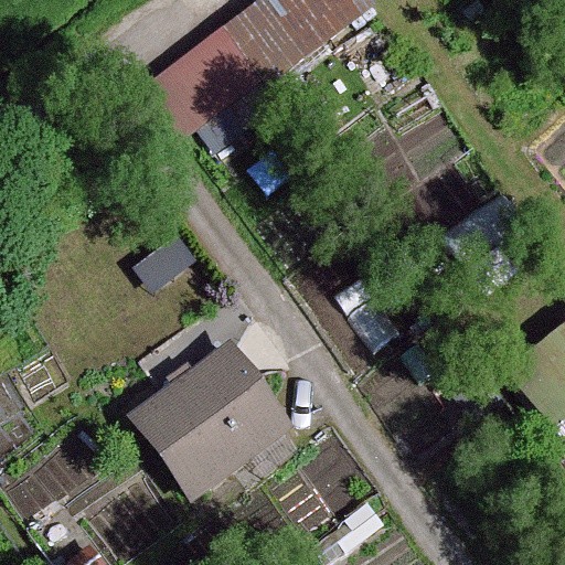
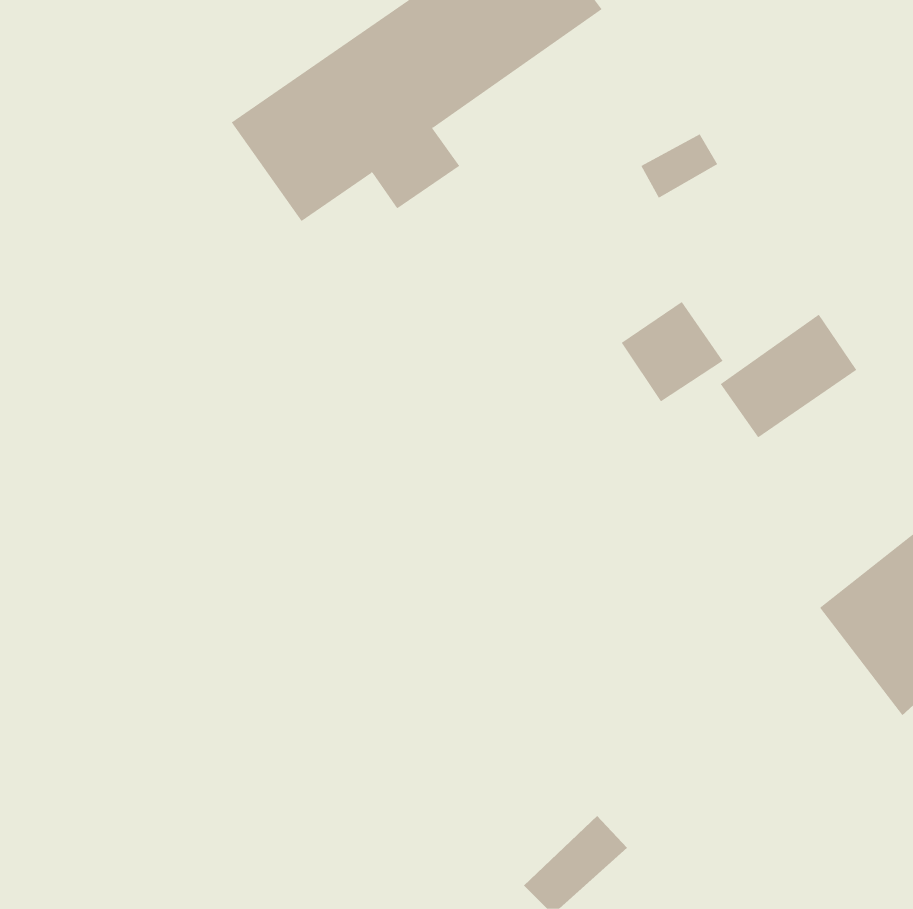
building: [130,340,295,500] -> none

